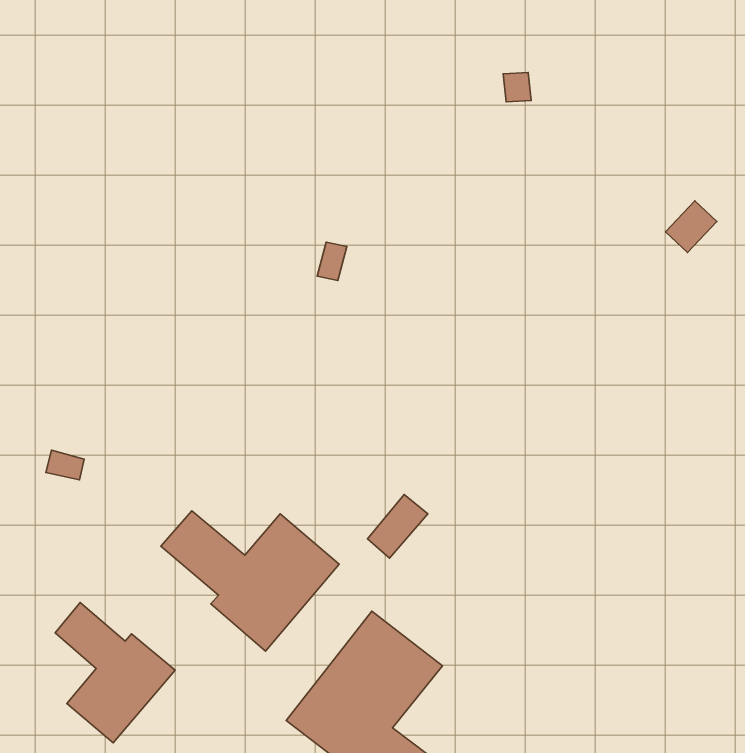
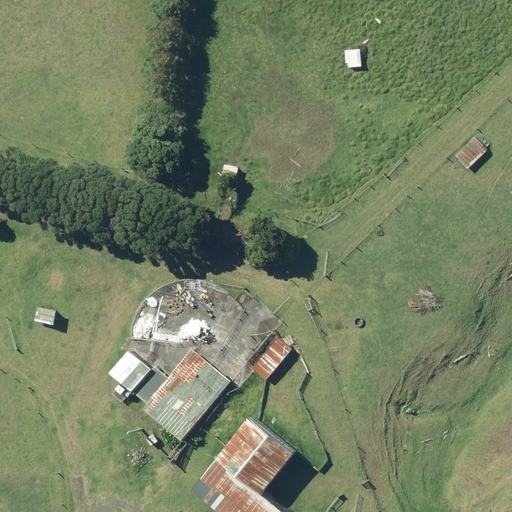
building: [55,603,175,743] -> none

